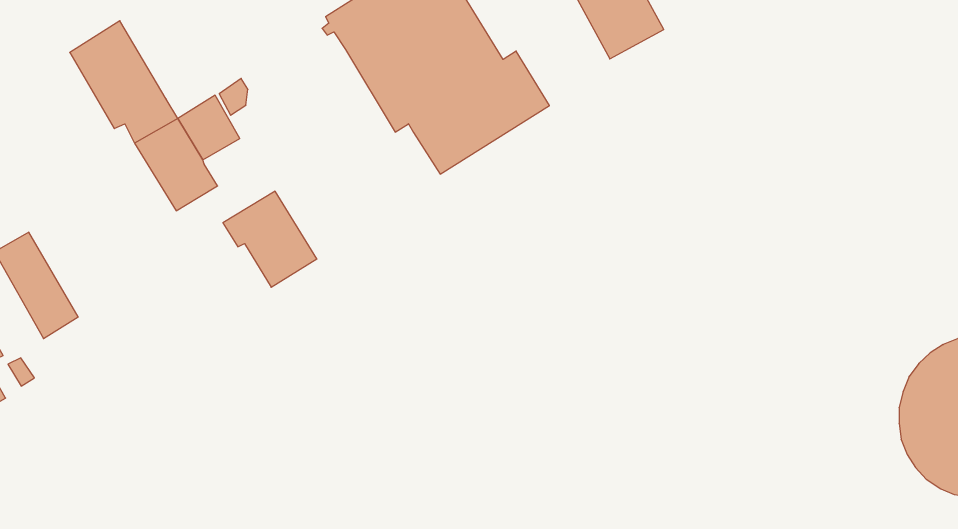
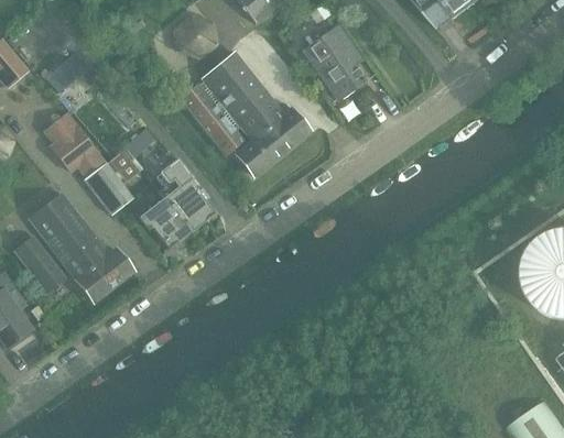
building: none -> [160,158,215,230]
building: none -> [29,193,133,300]

